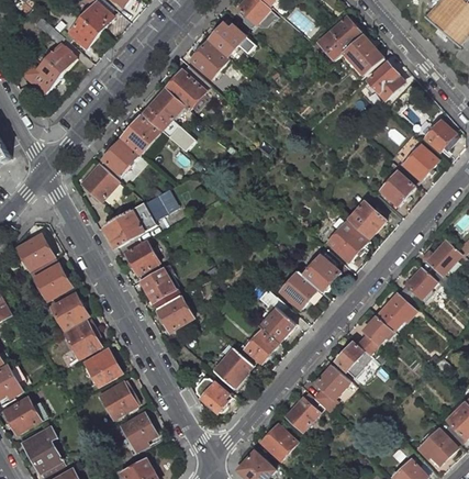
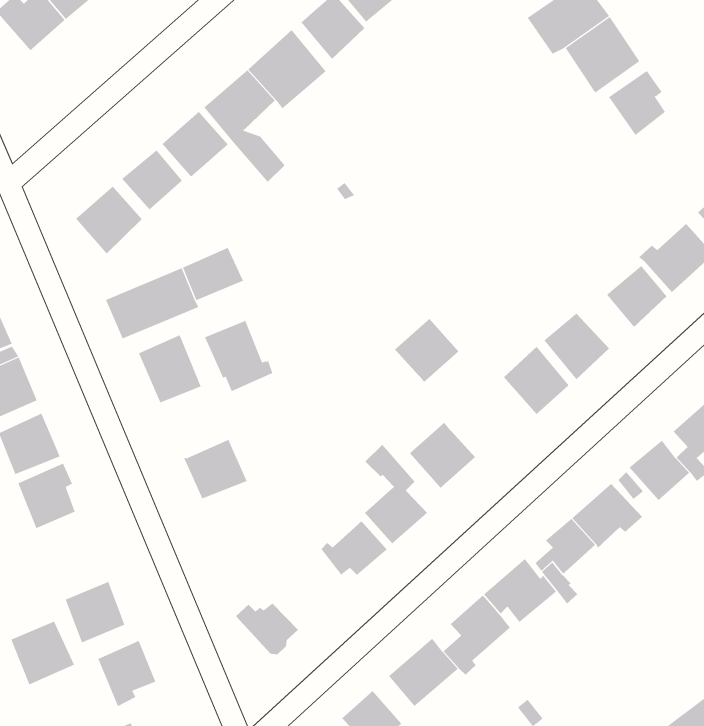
building: [303,256,339,292] -> [394,318,459,383]
building: [139,268,180,309] -> [204,320,273,392]
building: [213,347,253,389] -> none
building: [83,349,121,387] -> [11,621,75,685]

